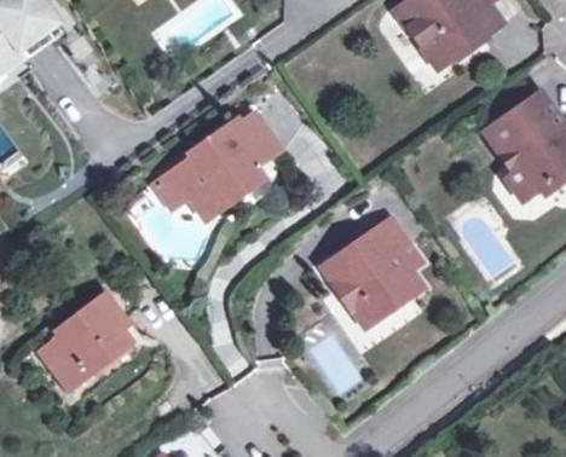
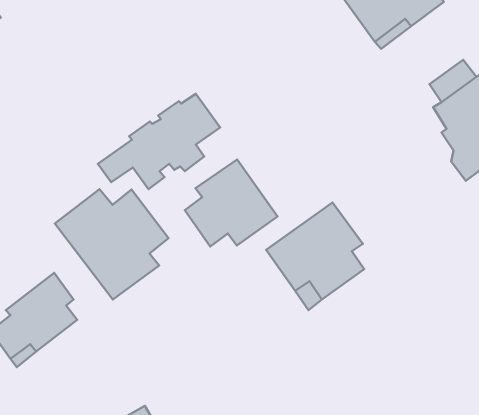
building: none -> [185,159,278,247]
building: none -> [55,189,168,300]

